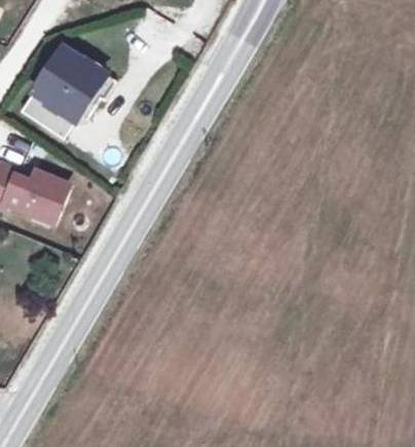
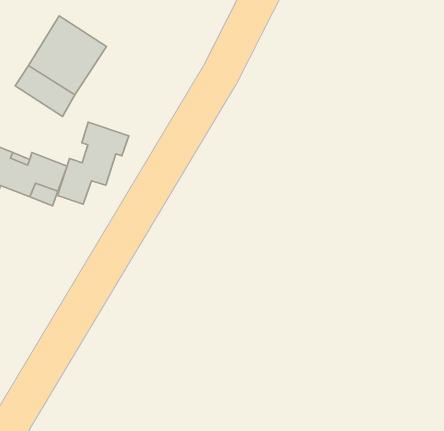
building: none -> [58,122,129,204]

